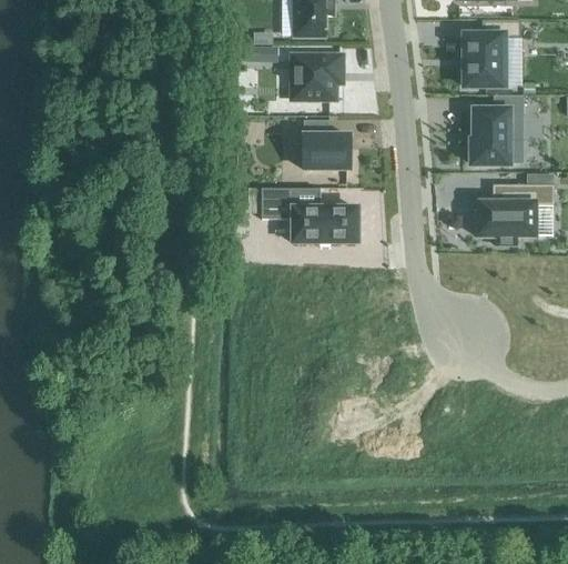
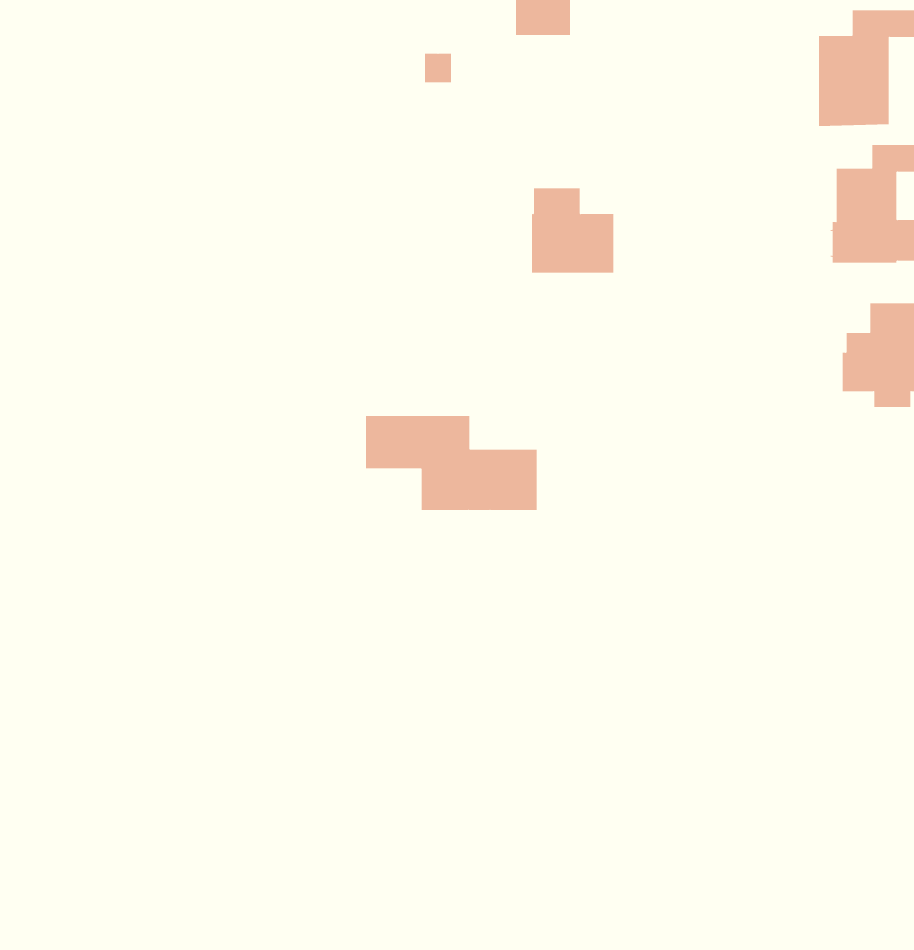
building: [292,54,342,99] -> none
building: [261,189,357,242] -> [365,415,537,510]

